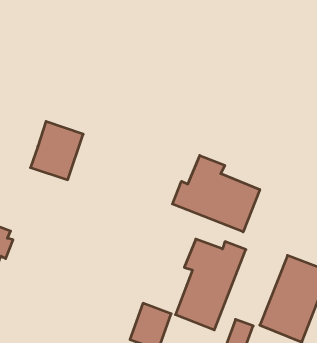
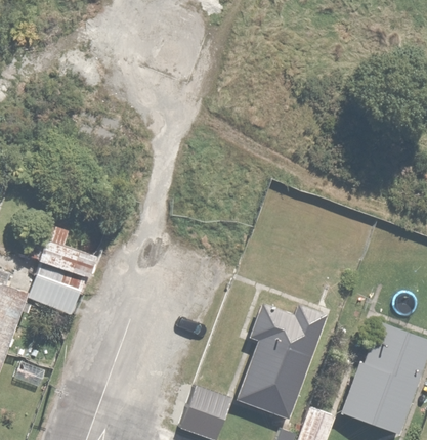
building: [30,121,83,180] -> [28,240,94,314]
building: [172,155,260,232] -> none

